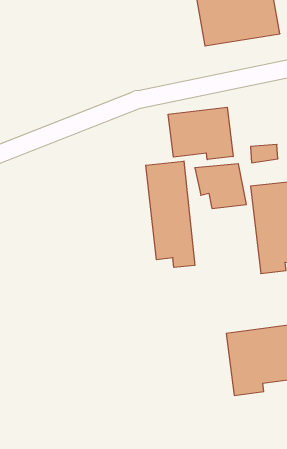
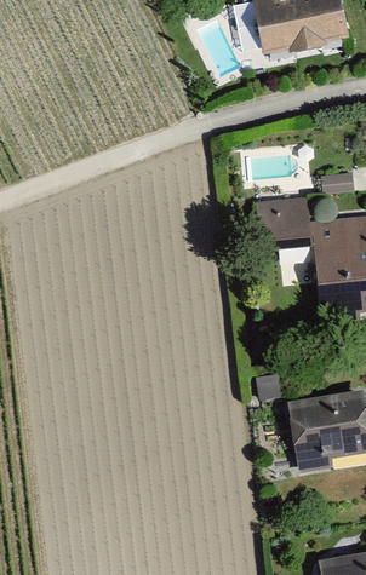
building: [168,107,233,160] -> none
building: [146,161,195,267] -> none

